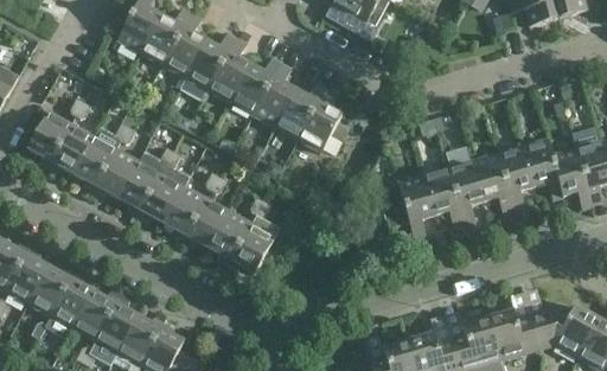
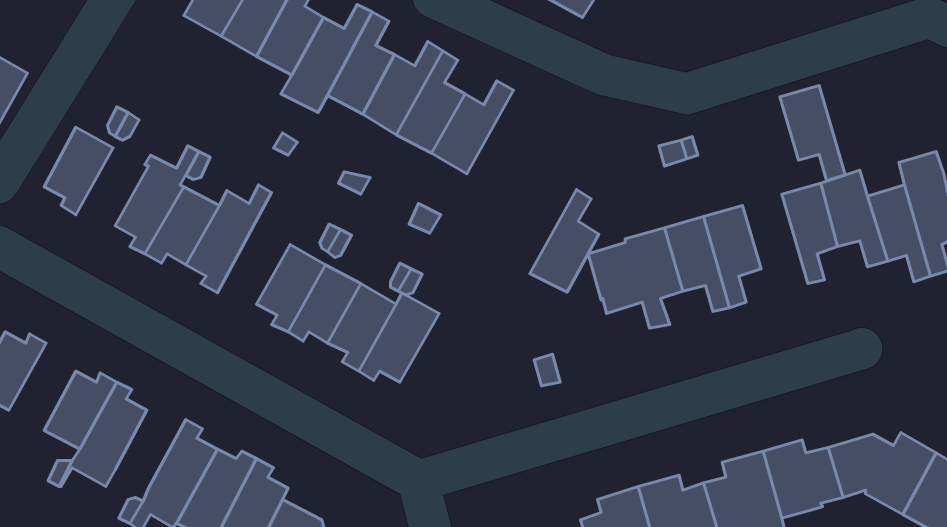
building: [299,87,343,152] -> [530,190,599,292]
building: [50,123,96,173] -> none
building: [140,152,190,223] -> none
building: [474,153,516,213] -> [780,86,845,181]
building: [7,248,50,303] -> none
building: [75,290,120,340] -> none

